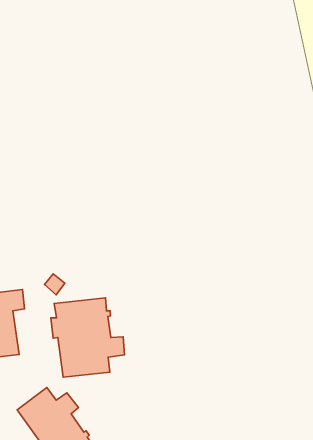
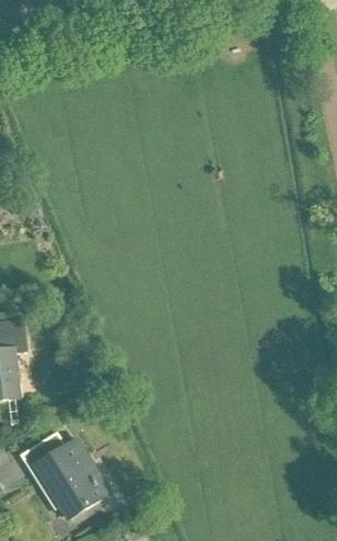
building: [51,298,124,377] -> none

